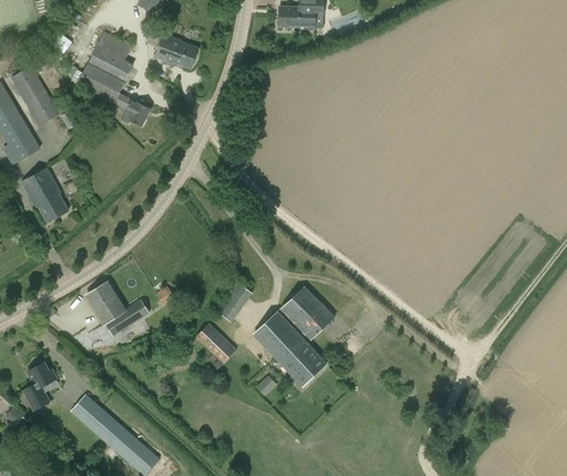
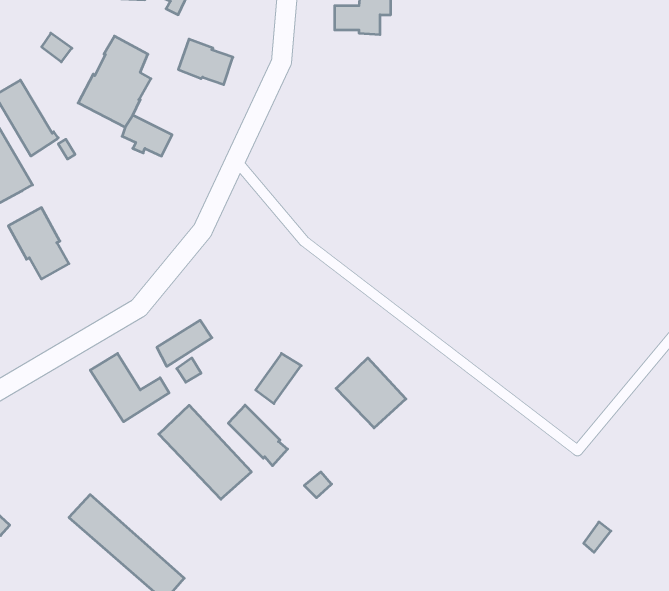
building: none -> [157,320,212,366]
building: [253,312,326,386] -> [159,405,251,499]
building: [20,362,54,411] -> none

